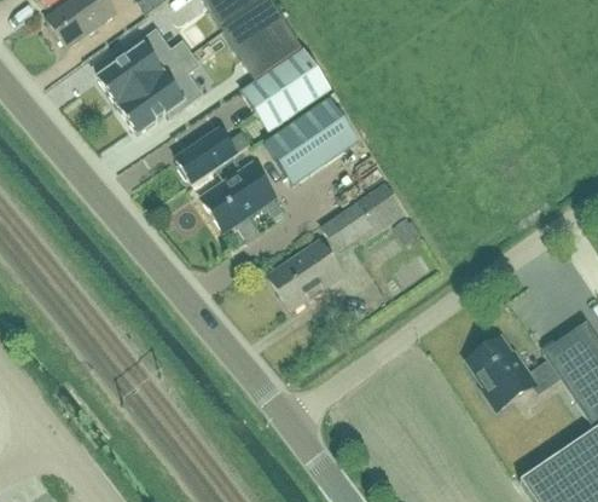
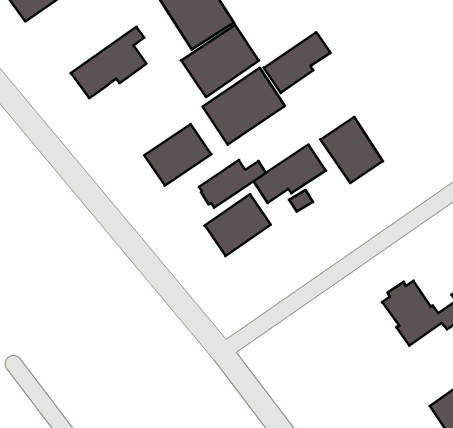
building: [97,30,190,105] -> none
building: none -> [264,32,330,93]
building: [176,128,251,181] -> [199,160,266,208]
building: none -> [320,117,383,183]

